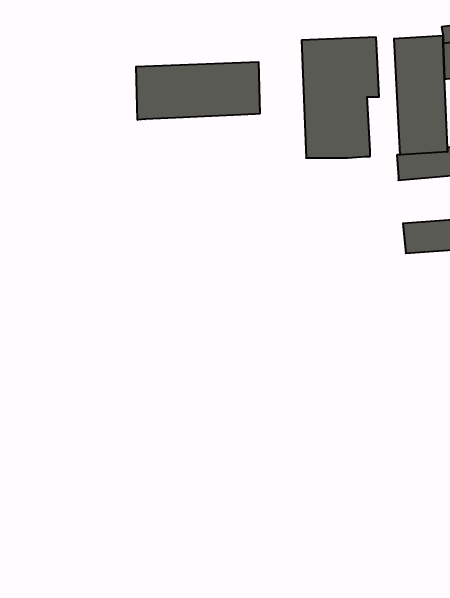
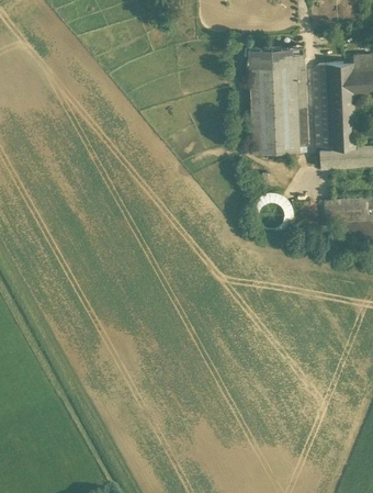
building: none -> [247,47,303,66]
building: [136,62,260,120] -> none

